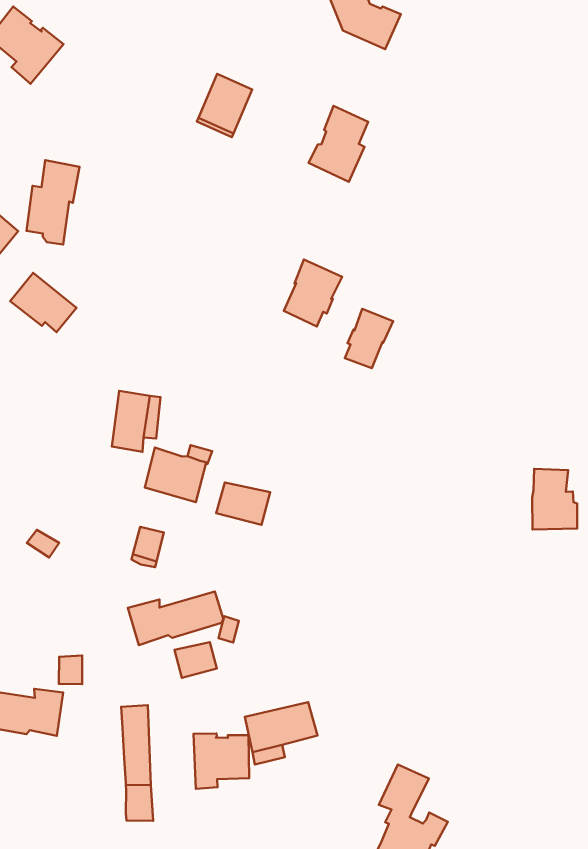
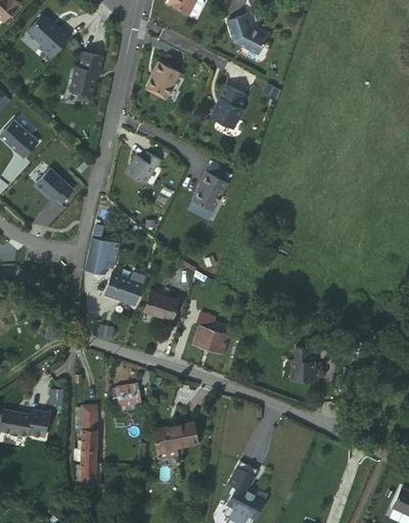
building: [26,160,80,245] -> [72,53,104,102]
building: none -> [125,150,158,182]
building: [345,309,393,368] -> none
building: [532,469,577,530] -> [292,346,319,382]
building: none -> [192,318,224,353]
building: [128,592,223,645] -> none
building: [193,733,249,789] -> none

